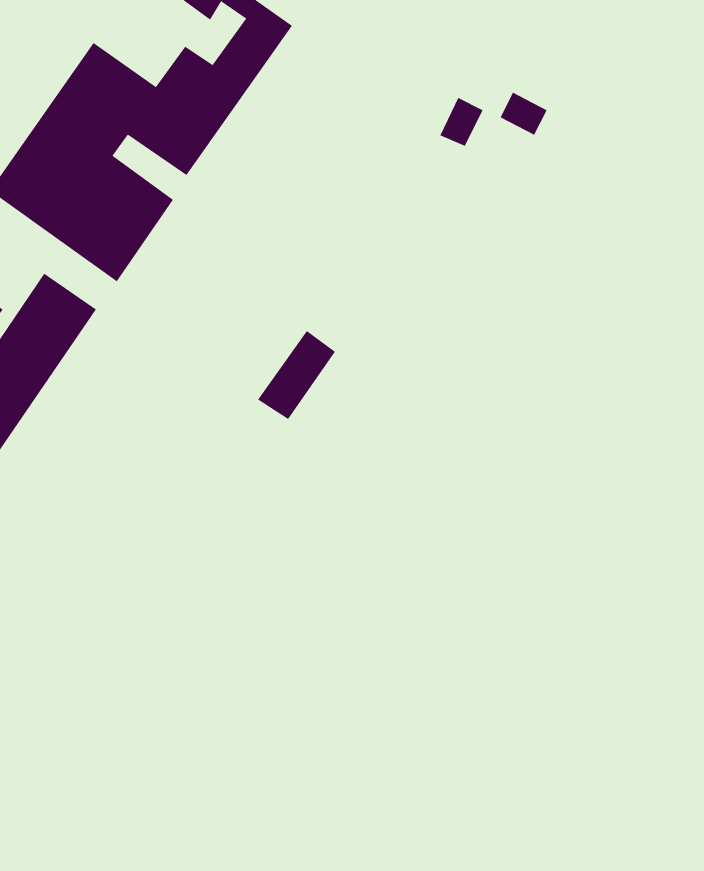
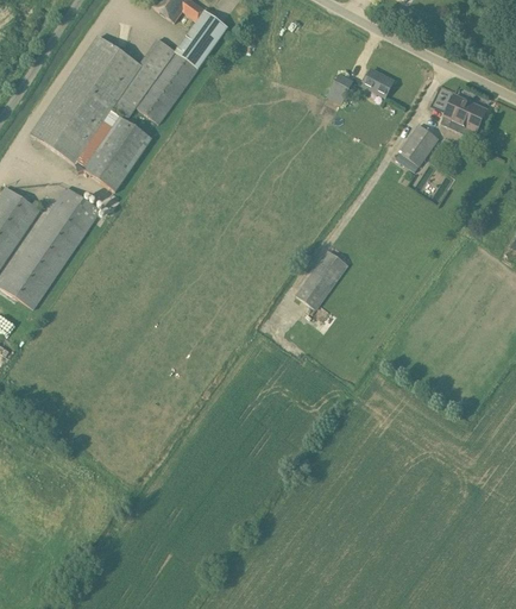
building: none -> [440,94,486,138]
building: none -> [399,124,439,165]
building: [257,330,336,420] -> [296,250,347,308]

